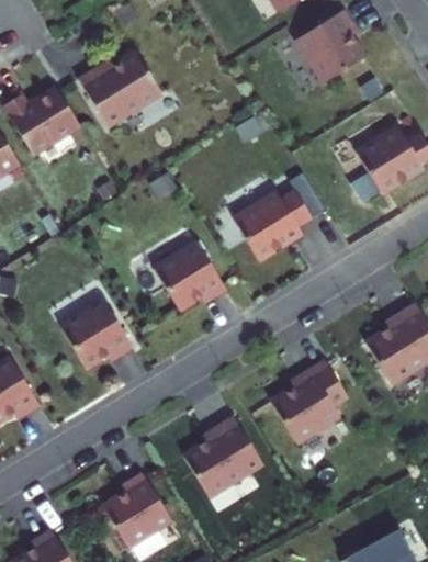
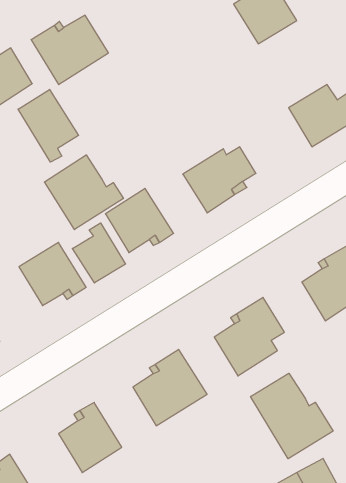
building: none -> [18,89,79,162]
building: none -> [44,155,123,230]
building: none -> [72,223,126,283]
building: none -> [251,373,333,459]

